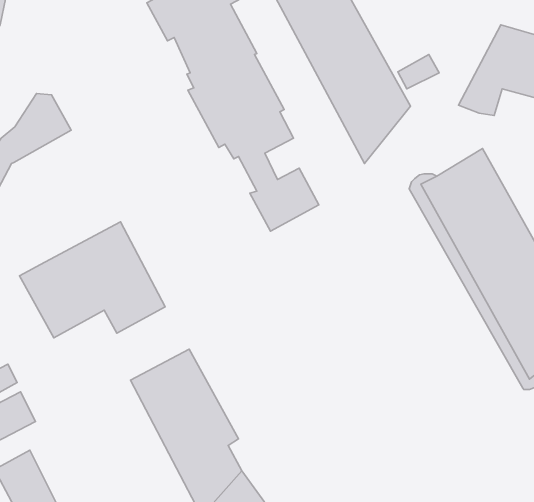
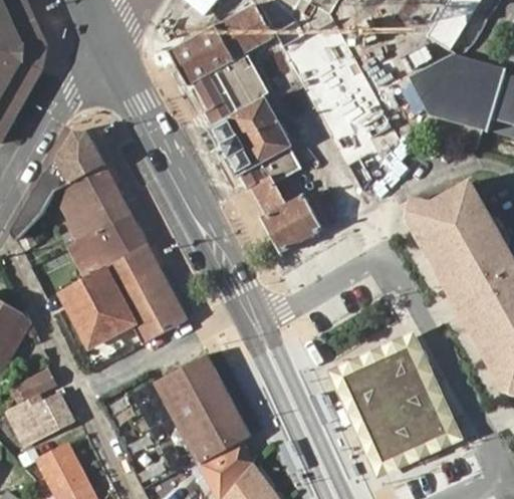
building: none -> [409,57,481,141]
building: none -> [54,163,148,278]
building: none -> [326,332,463,476]

